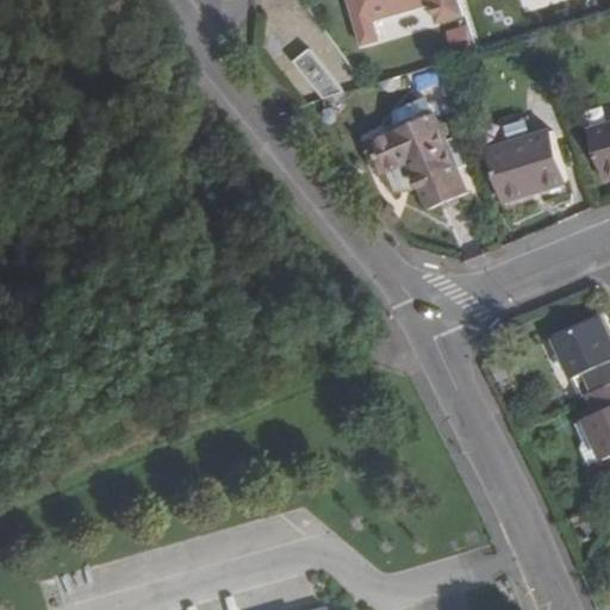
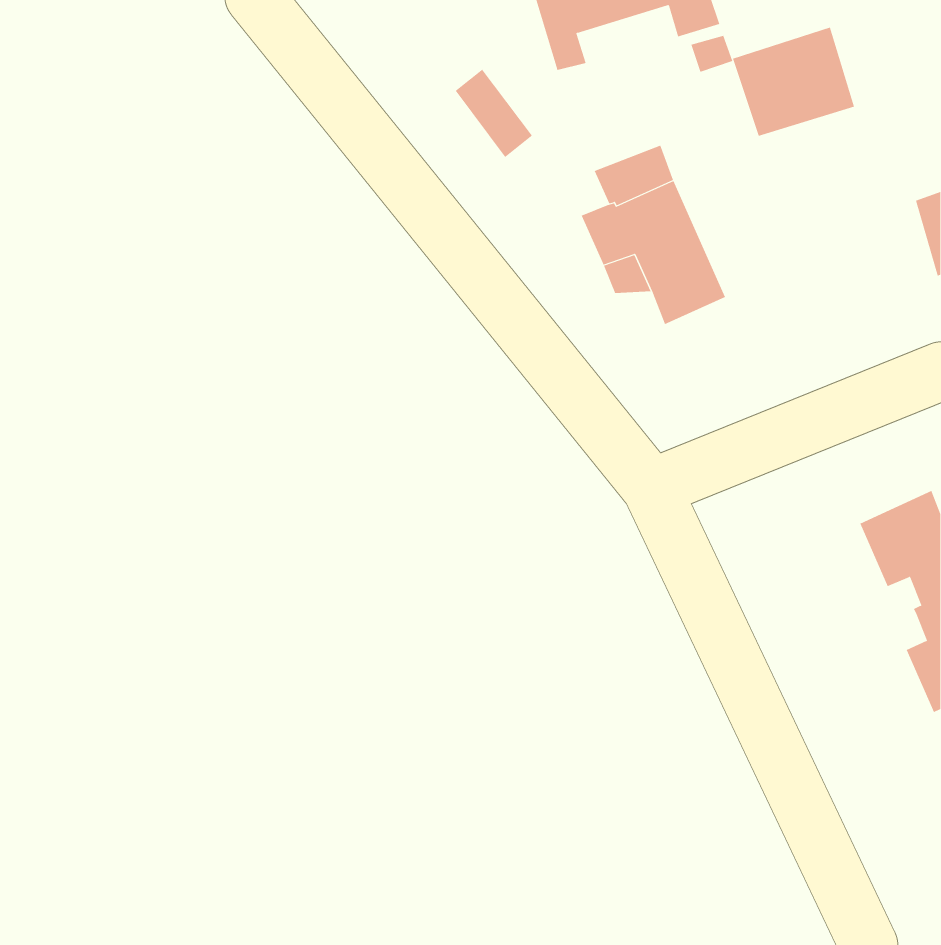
building: [485,130,564,200] -> [732,27,855,136]

